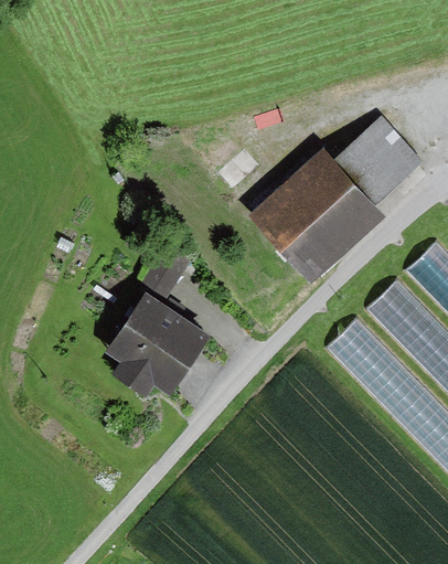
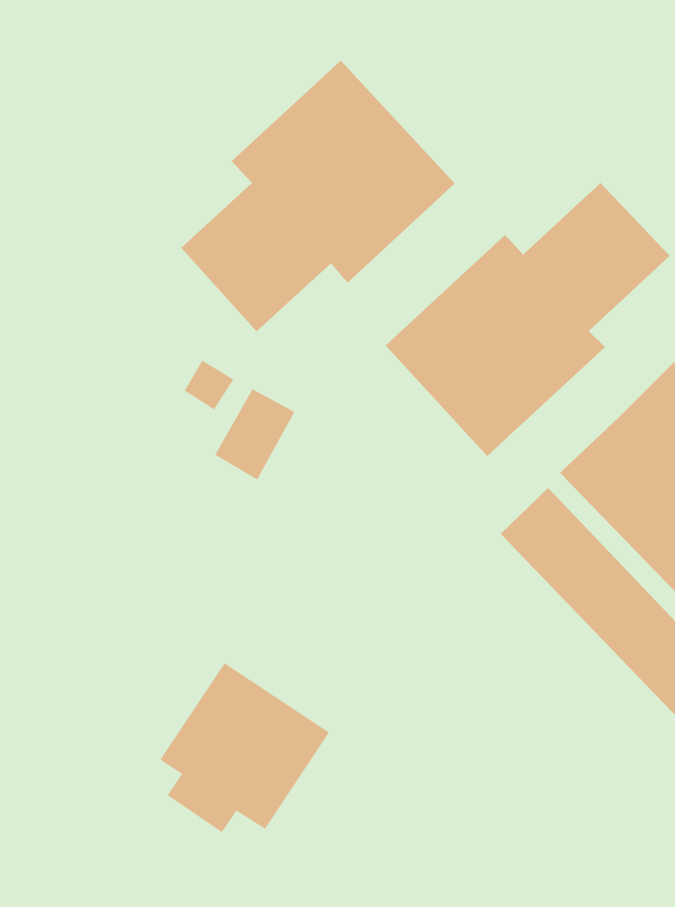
building: none -> [180,60,456,332]
building: [107,295,212,400] -> [159,662,330,833]

